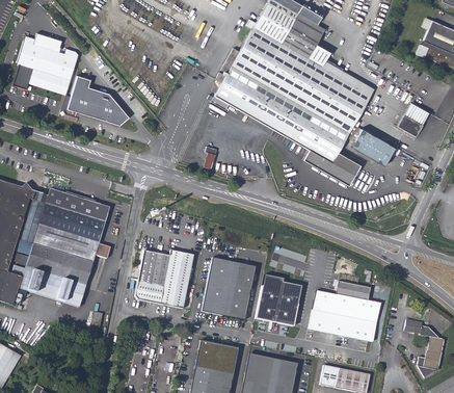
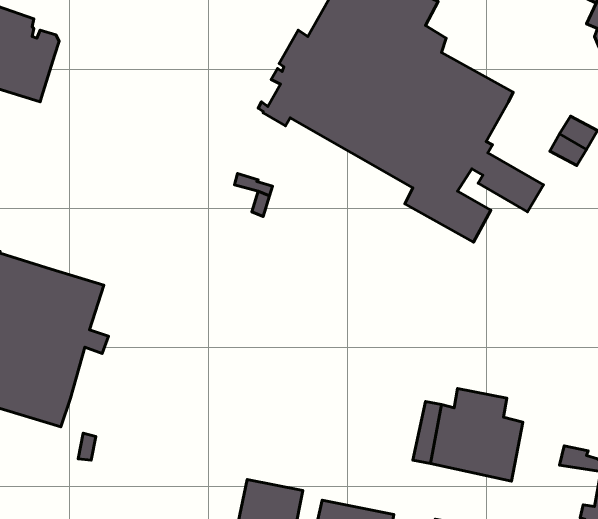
building: [69,75,129,124] -> none
building: [135,251,194,309] -> none
building: [201,256,256,317] -> none
building: [256,270,303,324] -> none

